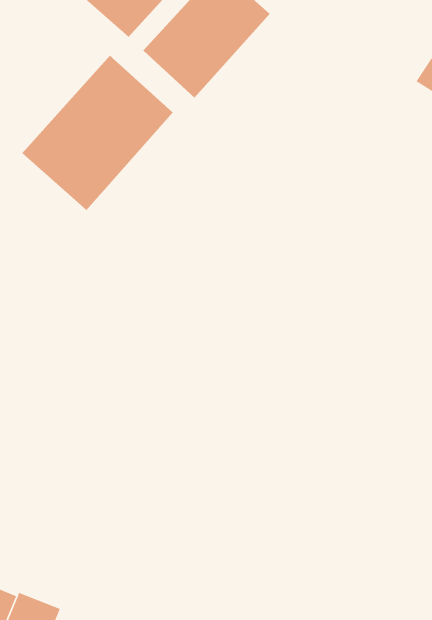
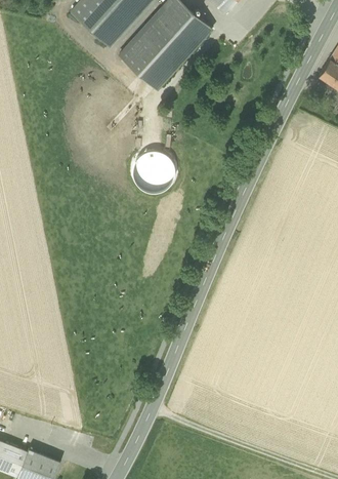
building: [21,55,173,211] -> none

